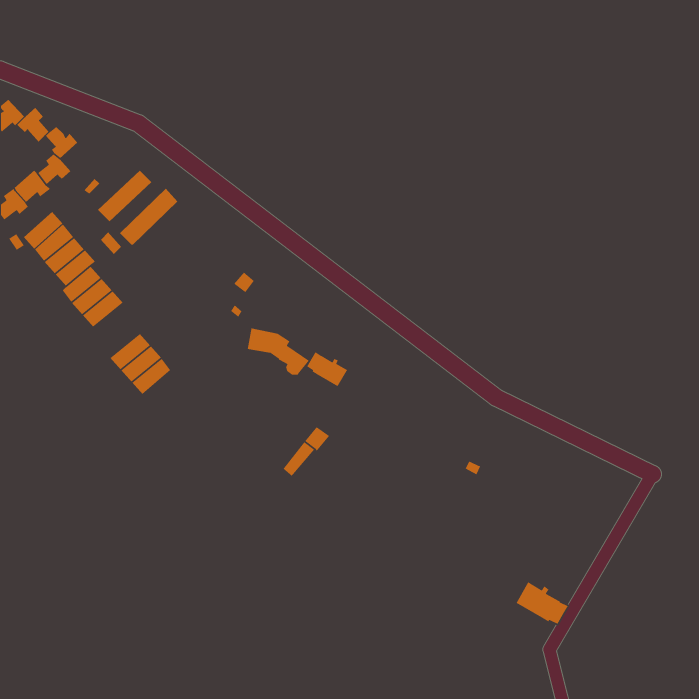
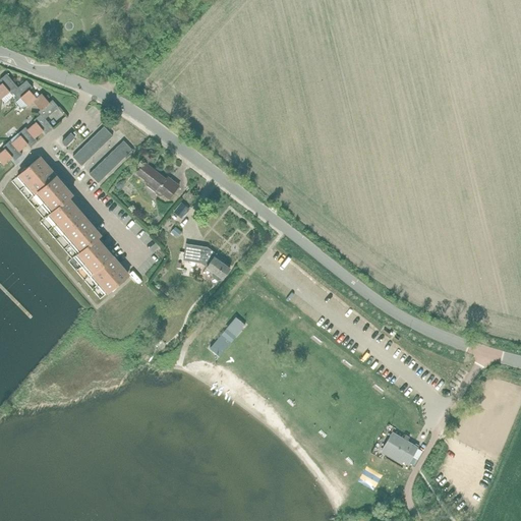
building: none -> [136,162,180,198]
building: none -> [70,225,105,266]
building: [306,351,348,387] -> none

